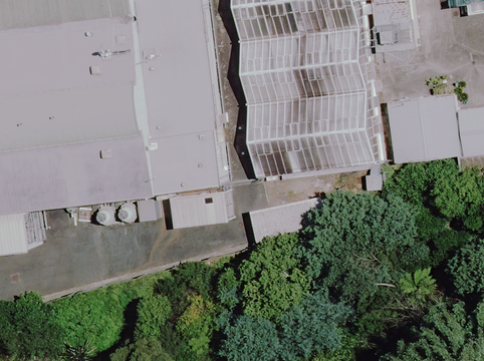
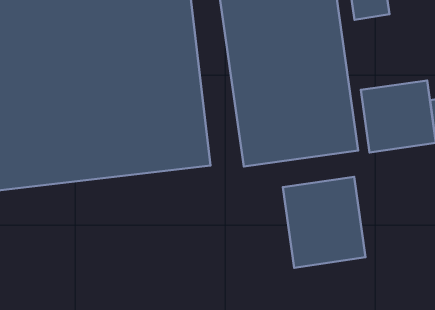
building: none -> [283,177,365,268]

